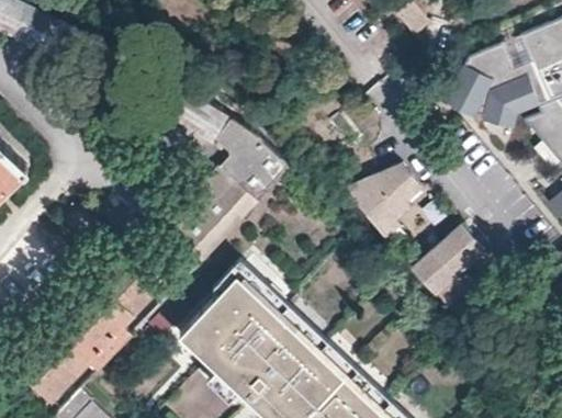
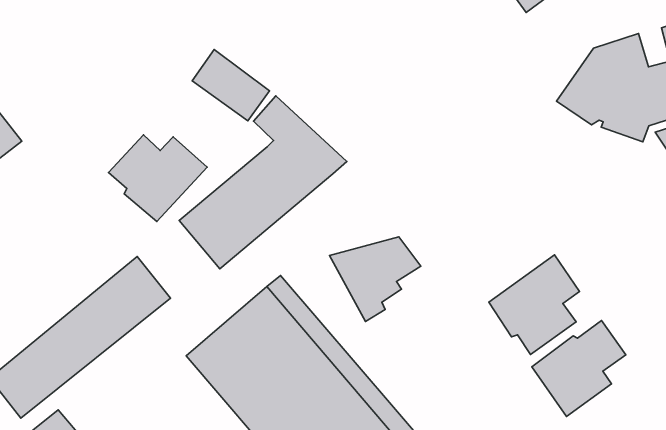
building: none -> [108,135,207,221]
building: [350,167,423,236] -> [330,237,421,321]
building: none -> [532,320,626,417]

